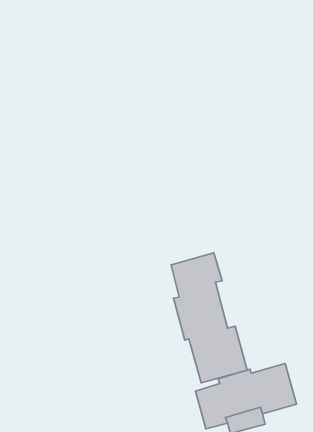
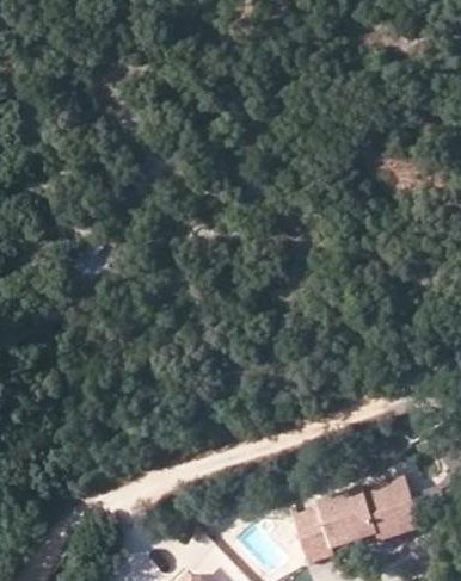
building: [171,253,247,383] -> none

